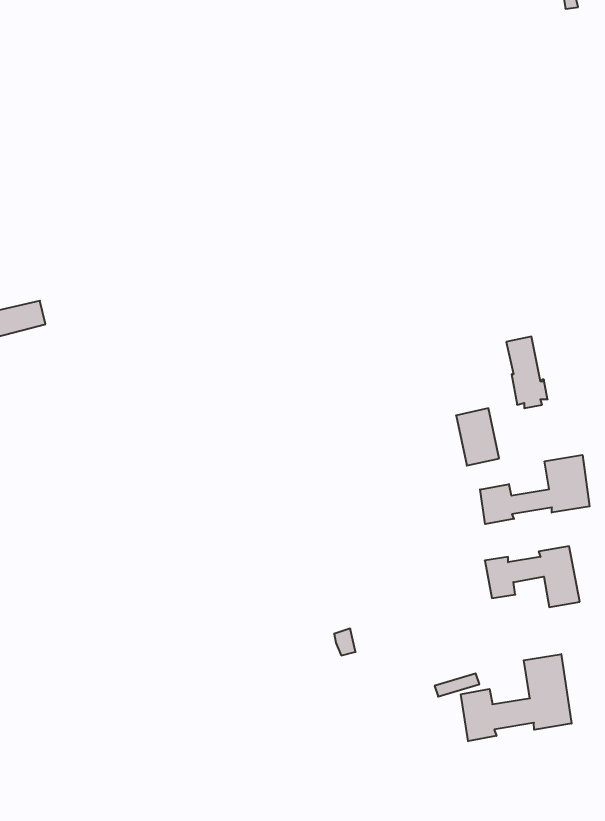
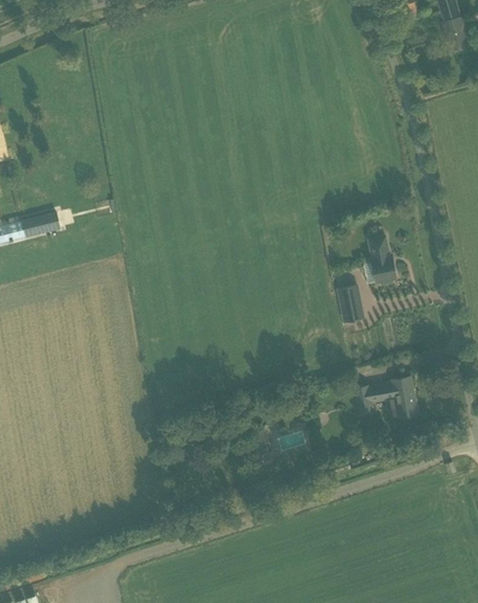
building: [480,455,590,524] -> none
building: [461,654,572,741] -> none

